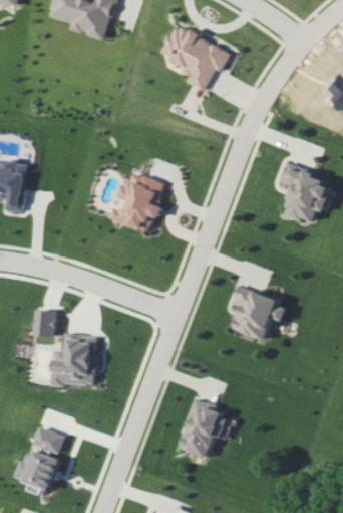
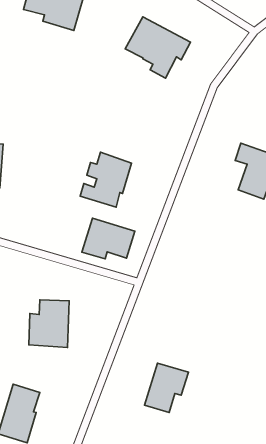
building: none -> [82,218,135,259]
building: [234,287,287,339] -> none
building: [37,309,59,336] -> none

